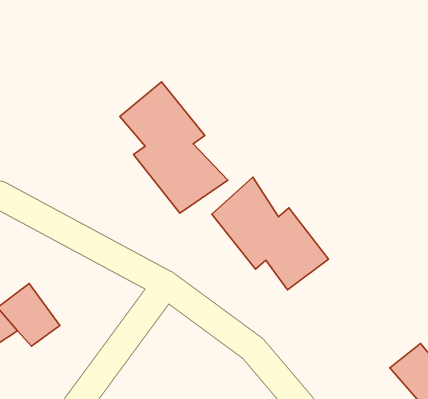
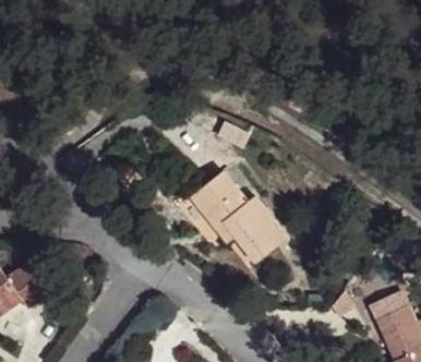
building: [120,82,228,213] -> none

